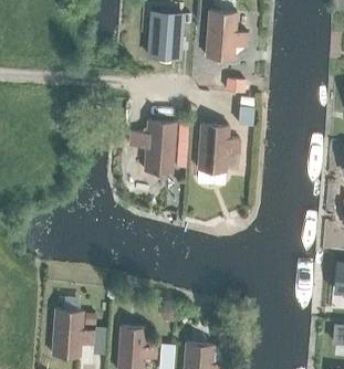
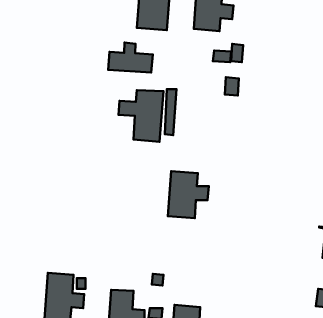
building: none -> [108,42,153,73]
building: [197,124,239,172] -> [168,171,209,218]

